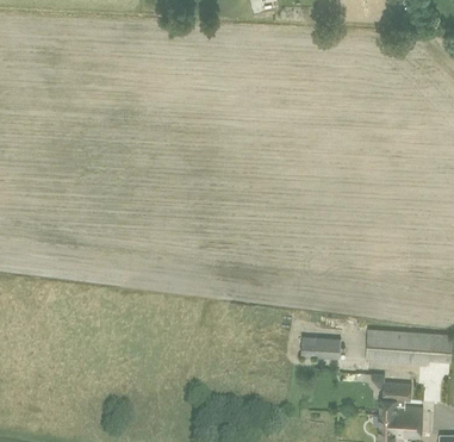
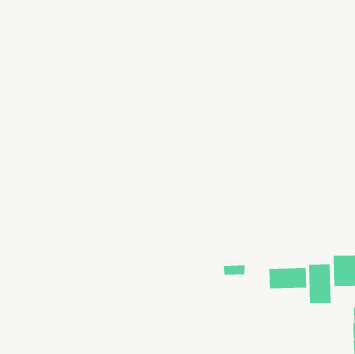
building: none -> [308,264,331,304]

